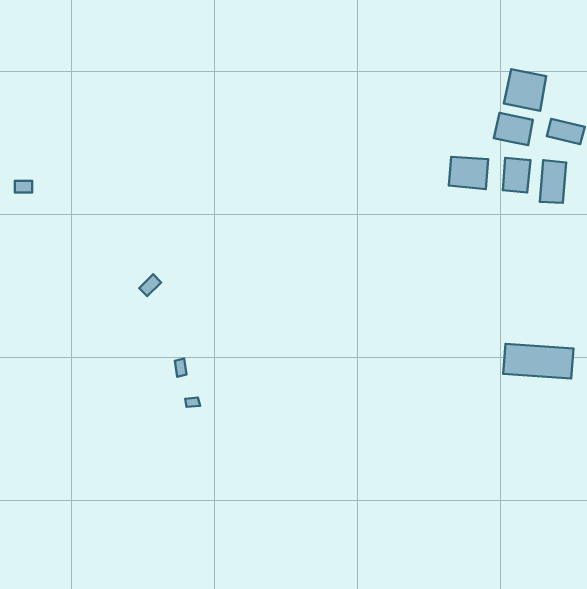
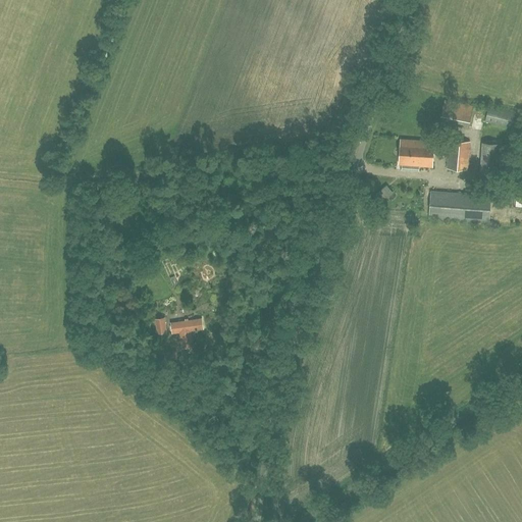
building: [504,69,546,111] -> none
building: [503,344,573,378] -> [428,192,490,222]
building: none -> [169,318,202,348]

